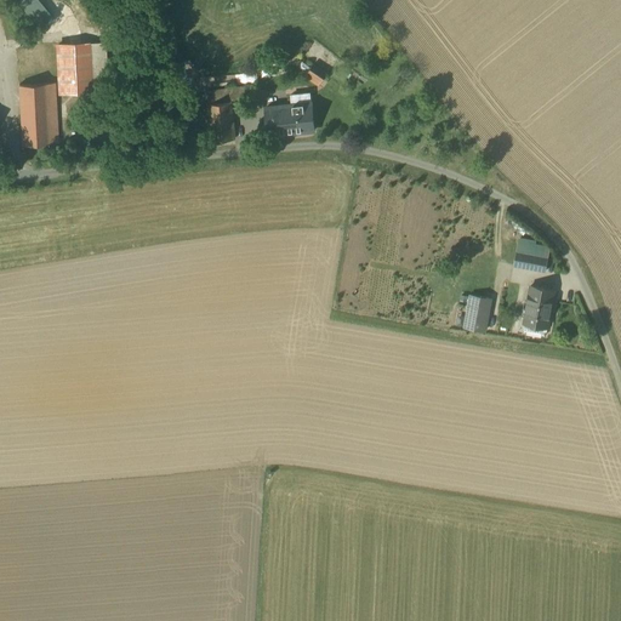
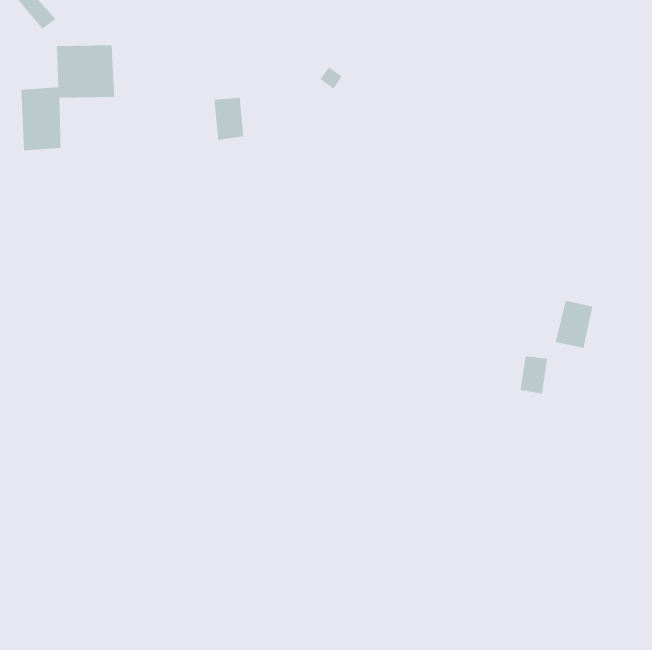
building: [263,93,312,135] -> none
building: [518,243,551,270] -> none
building: [467,294,494,330] -> [520,356,548,394]

